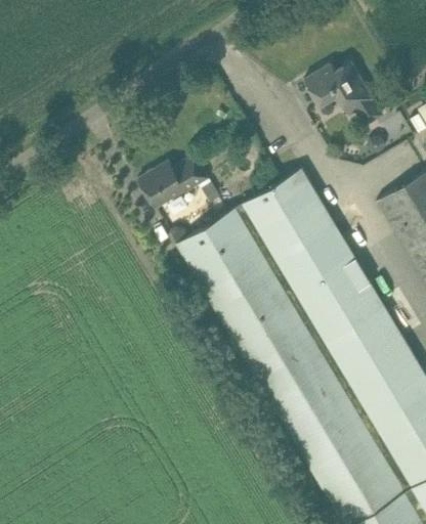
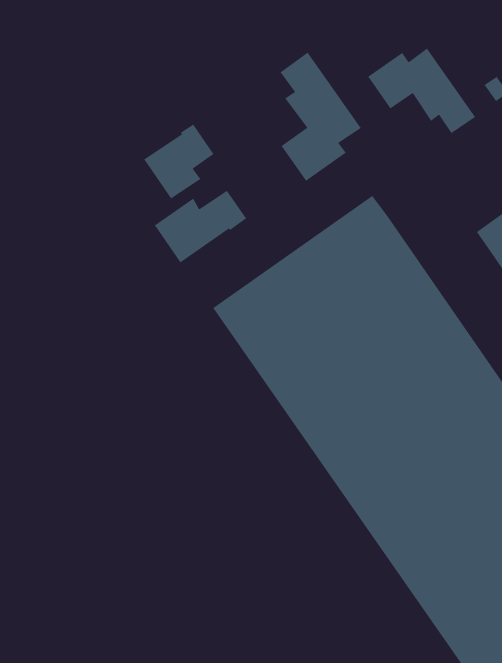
building: none -> [279,52,362,182]
building: none -> [143,124,214,200]

